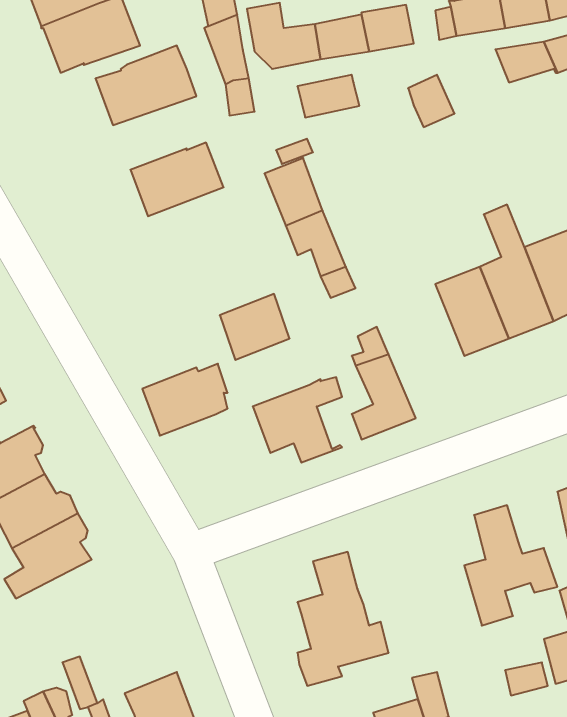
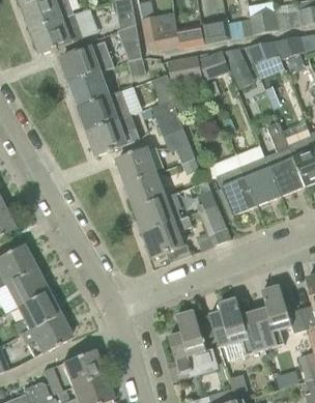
building: none -> [250,41,284,78]
building: none -> [198,51,230,81]
building: none -> [69,66,114,106]
building: none -> [88,115,140,155]
building: none -> [117,148,155,183]
building: none -> [217,167,257,219]
building: [142,364,228,436] -> [135,194,180,232]
building: none -> [209,297,266,359]
building: none -> [18,314,69,359]
building: none -> [66,349,104,385]

